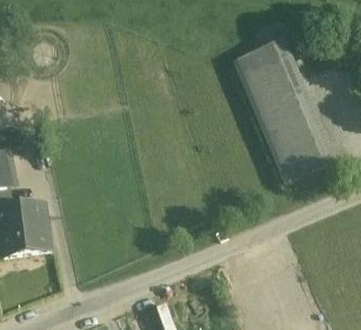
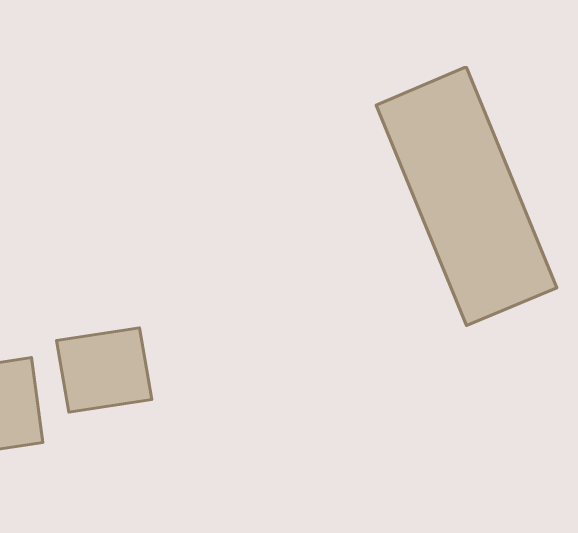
building: none -> [57,328,152,412]

